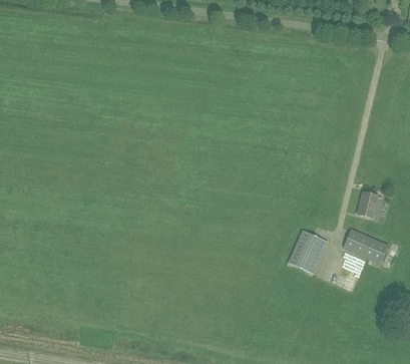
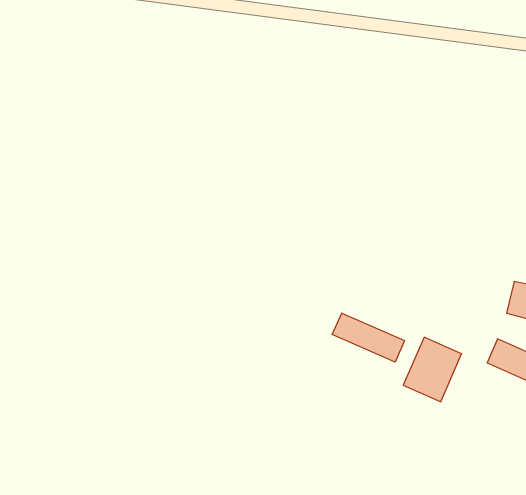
building: none -> [332,313,405,362]

